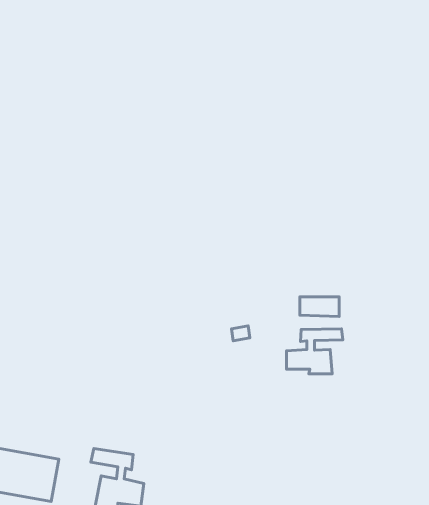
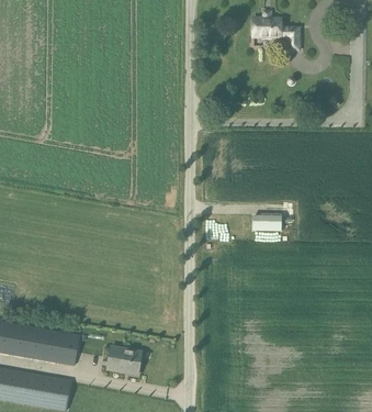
building: none -> [252,10,300,51]
building: [286,329,343,374] -> none

